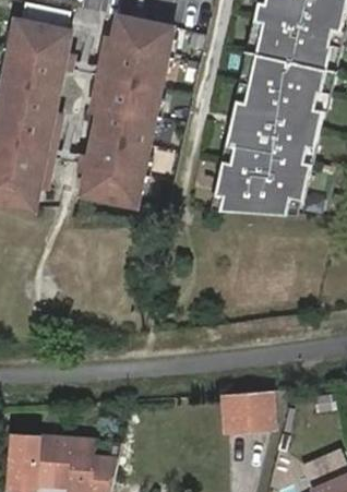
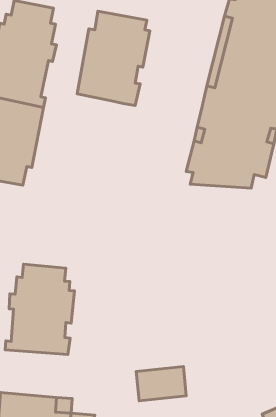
building: [82,107,159,204] -> none
building: none -> [5,264,74,354]
building: [219,396,275,434] -> [136,366,186,401]

